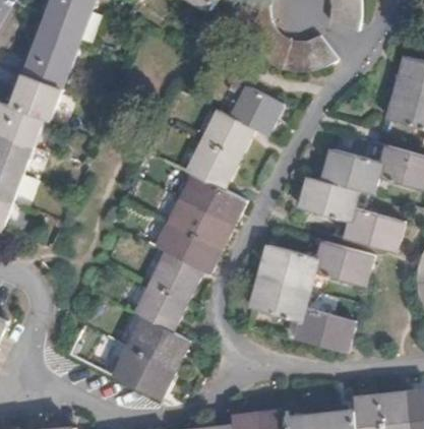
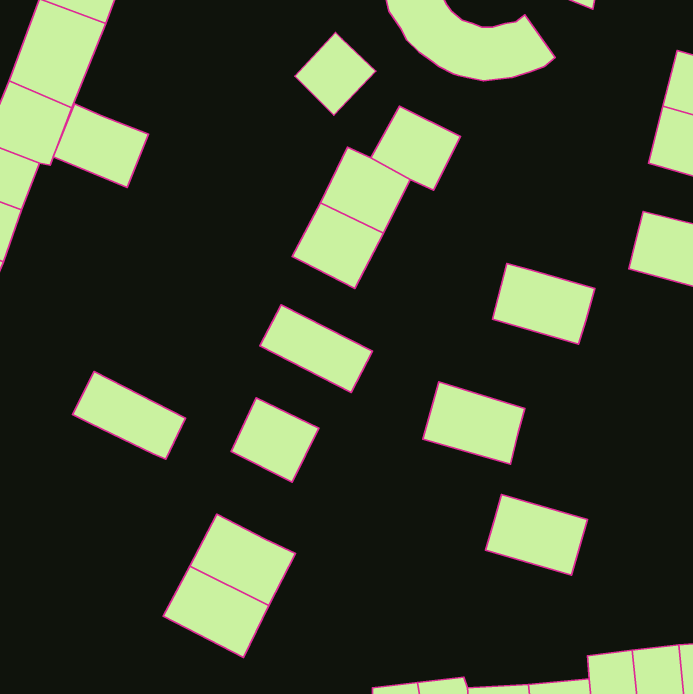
building: none -> [295,32,376,115]
building: none -> [53,104,148,187]
building: [323,147,381,193] -> none
building: [180,174,244,225] -> none
building: [345,207,403,251] -> none
building: [156,222,220,271] -> [73,372,185,459]
building: [314,240,372,286] -> none
building: [252,274,310,320] -> none
building: [135,282,186,331] -> none

